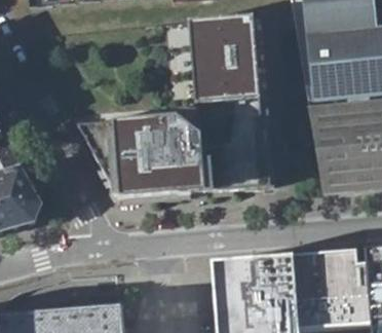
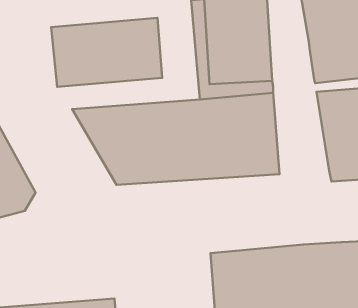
building: none -> [51,18,162,87]

